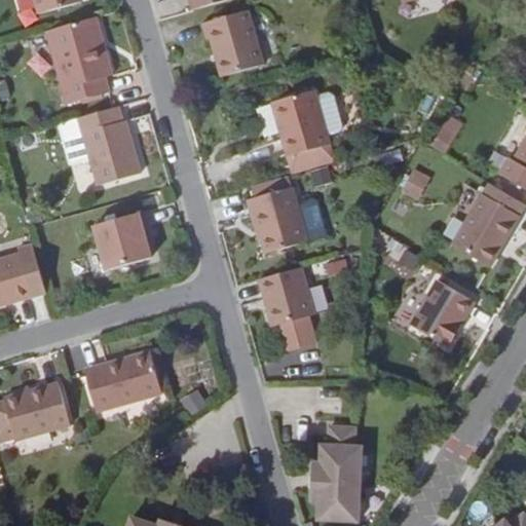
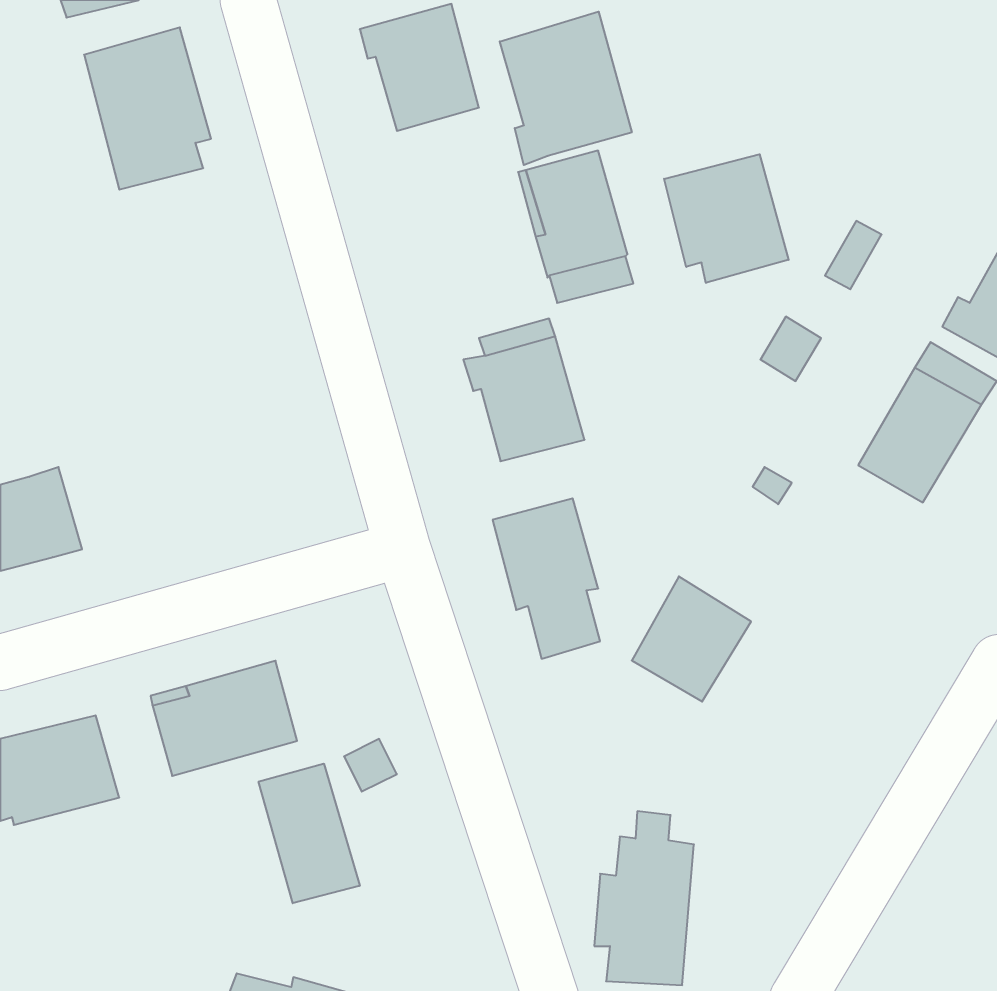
building: none -> [500,12,632,165]
building: none -> [664,154,789,283]
building: [61,112,137,189] -> none
building: [89,212,147,272] -> none
building: [409,279,472,345] -> [632,576,751,702]
building: none -> [259,764,360,903]

